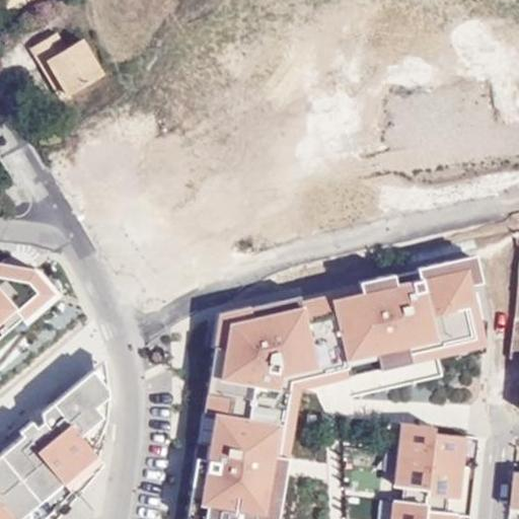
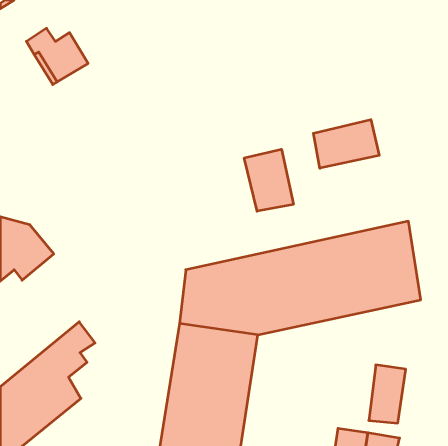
building: none -> [313,120,379,168]
building: none -> [244,149,293,211]
building: [390,421,435,489] -> none

